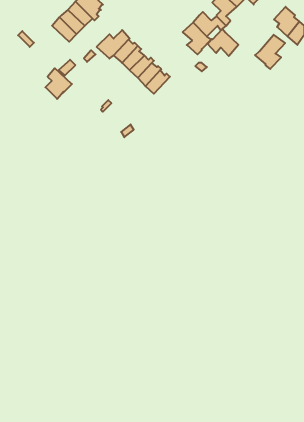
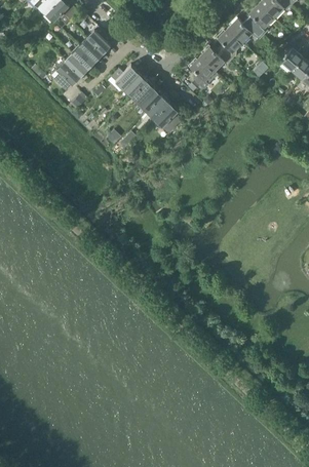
building: [207,29,238,56] -> none
building: [255,35,285,69] -> none
building: [45,68,72,99] -> [54,61,80,90]

